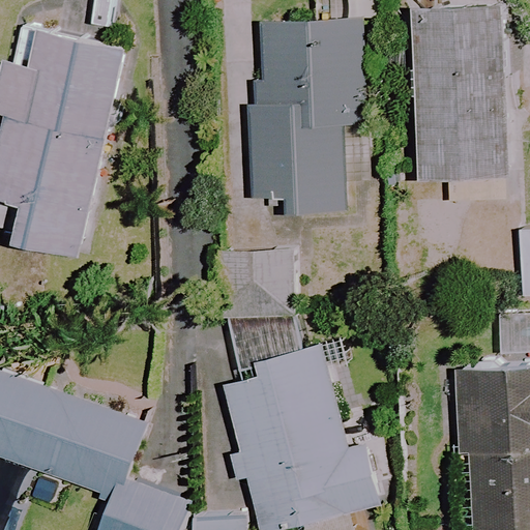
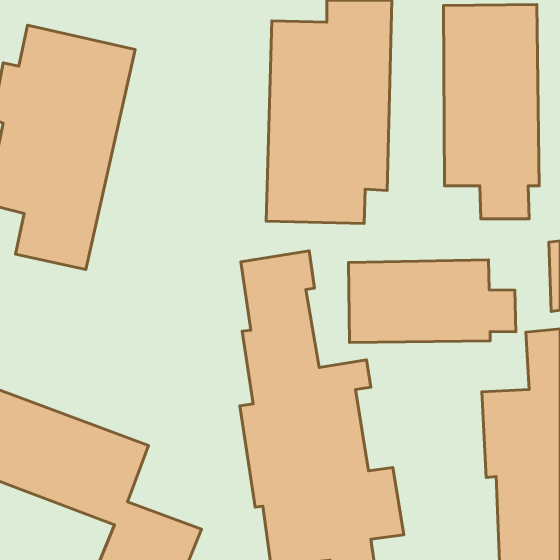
building: none -> [349,260,516,342]

